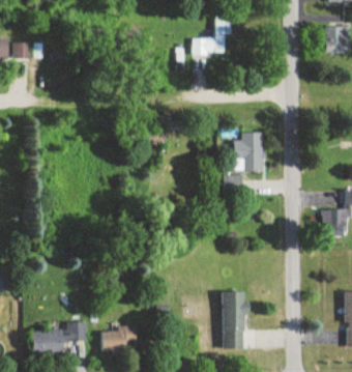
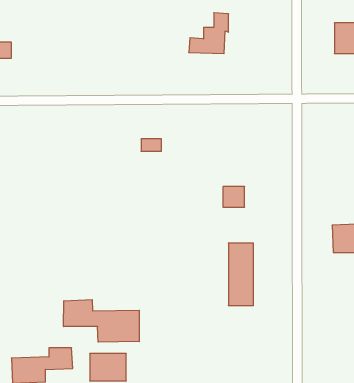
building: [233,132,263,171] -> none
building: none -> [64,300,139,342]
building: [223,292,245,349] -> [228,243,253,306]

